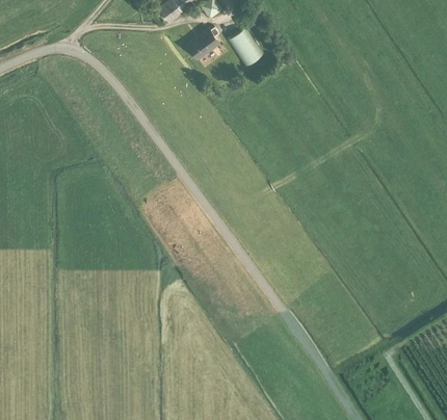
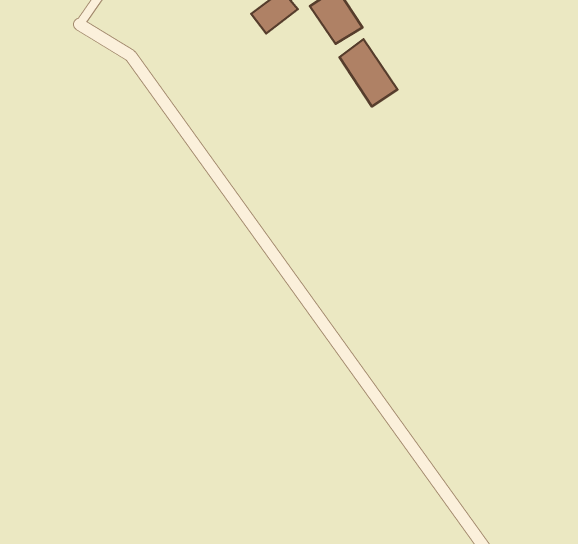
building: none -> [339,39,397,107]

